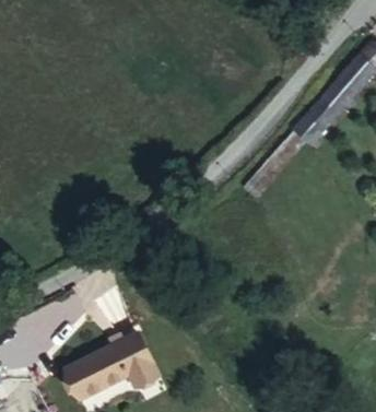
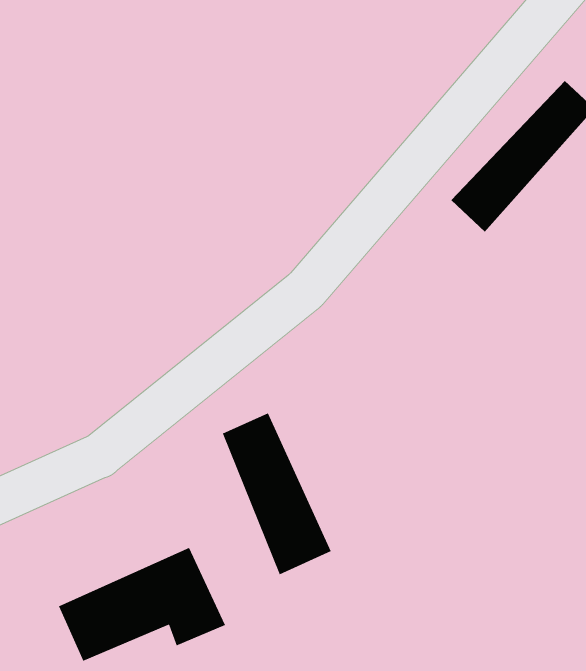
building: none -> [222,413,332,575]

